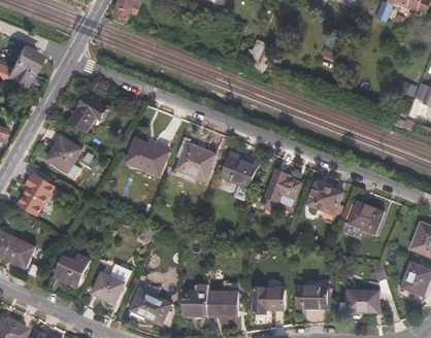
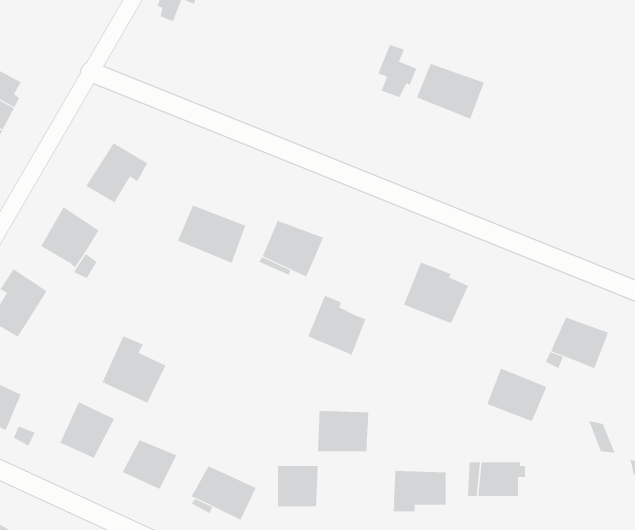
building: none -> [416,63,485,119]
building: [222,146,257,182] -> [307,295,366,356]
building: [307,180,343,212] -> [487,368,547,421]
building: none -> [102,335,166,403]
building: [209,290,240,314] -> [317,411,369,452]
building: [349,292,380,312] -> none

